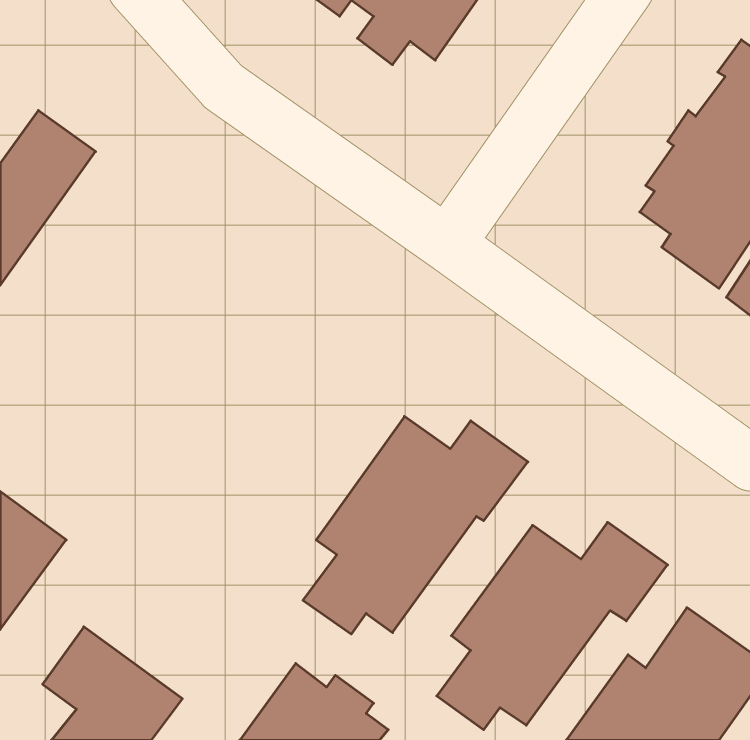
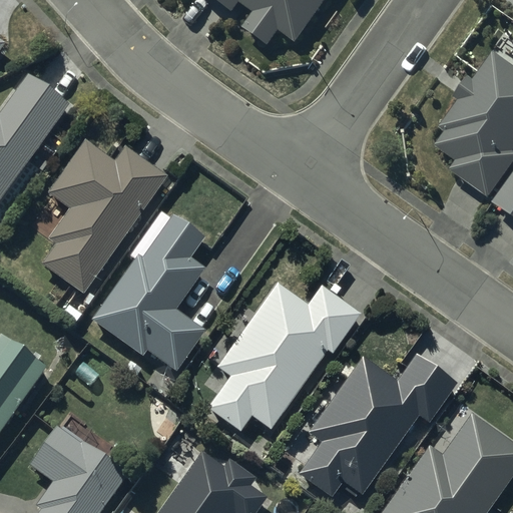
building: none -> [41,141,166,294]
building: none -> [93,216,204,371]

